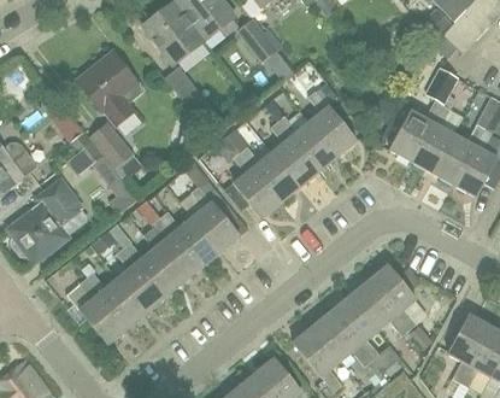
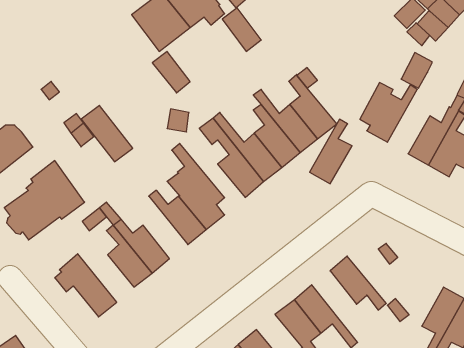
building: [76,49,139,127] -> none
building: [411,105,455,172] -> [310,119,352,184]
building: [139,200,201,282] -> none
building: [81,262,145,328] -> none
building: [369,264,424,329] -> none
building: [331,295,389,371] -> none

